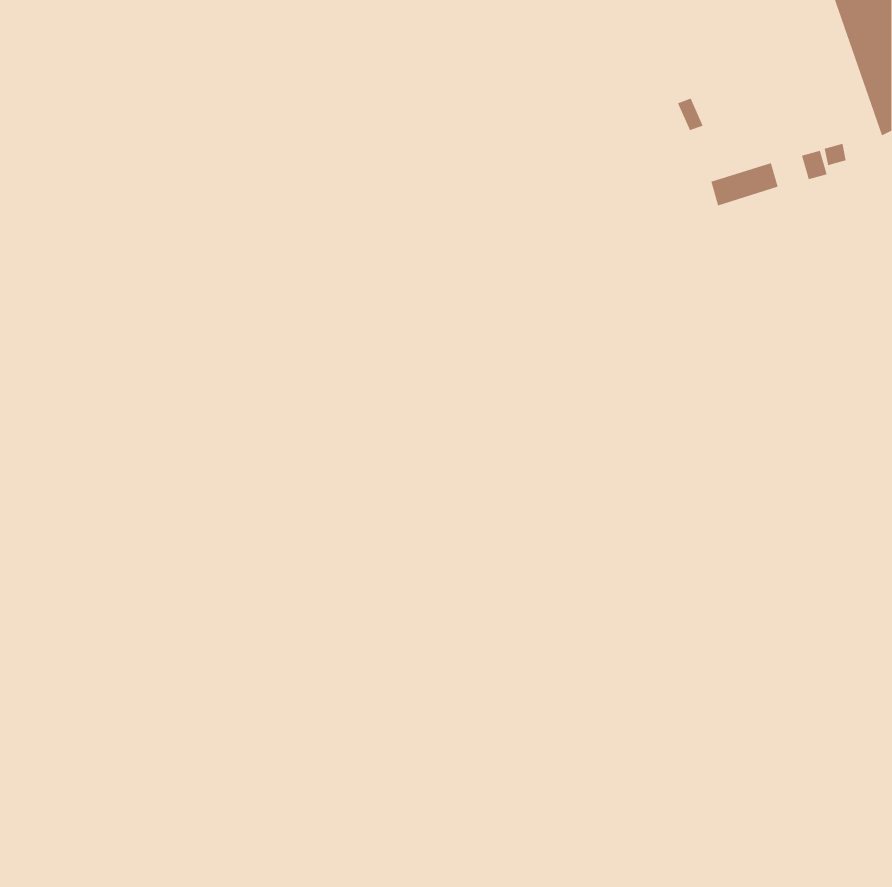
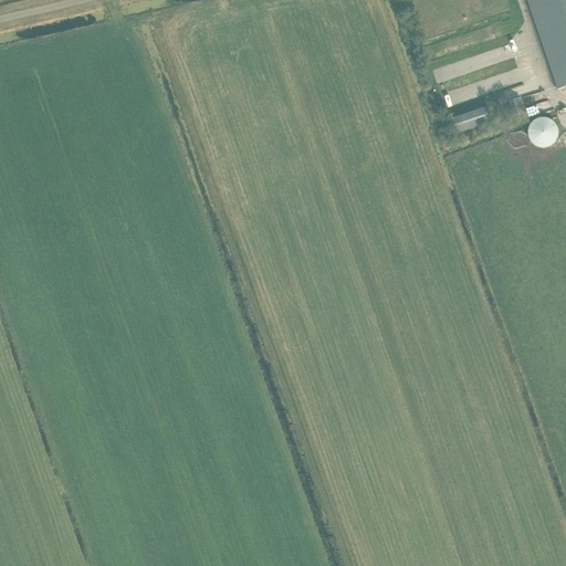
building: none -> [527,115,558,146]

